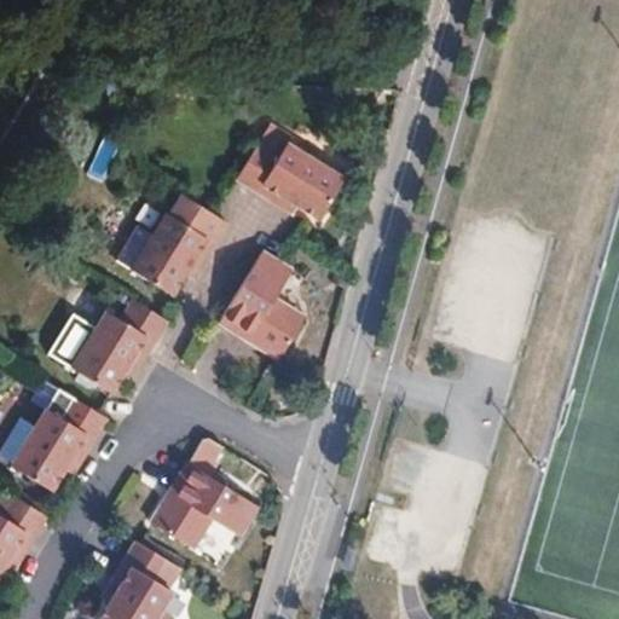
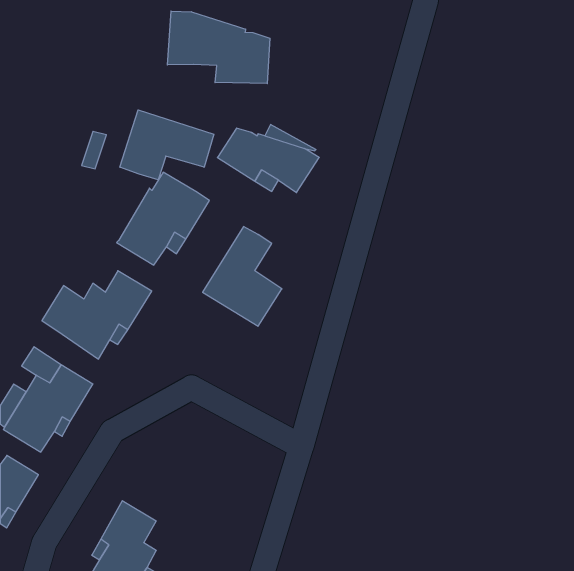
building: none -> [167,11,270,84]
building: none -> [120,110,214,180]
building: [154,465,260,550] -> none

